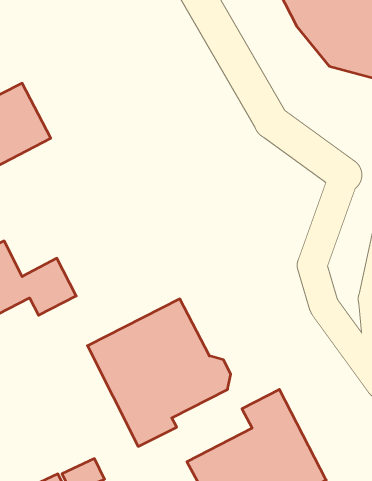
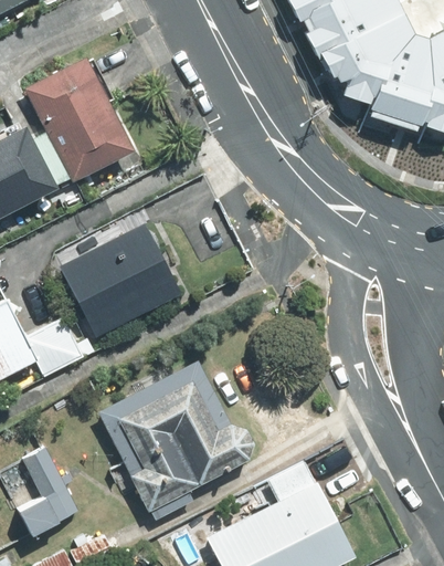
building: none -> [24,56,135,180]
building: none -> [60,222,181,336]
building: none -> [18,447,78,535]

